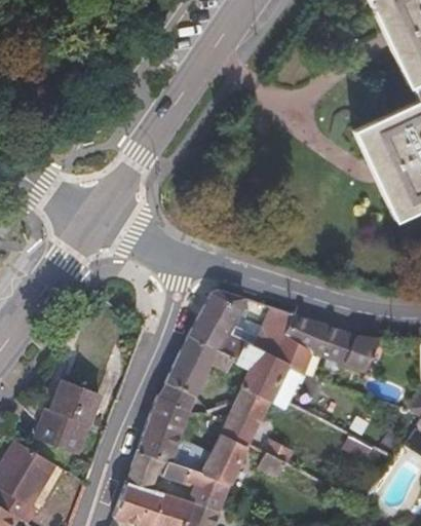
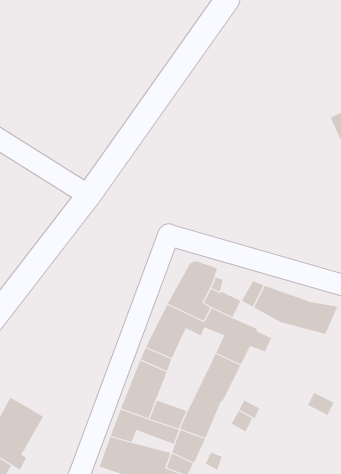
building: [260,334,312,375] -> none
building: [34,380,98,452] -> none

